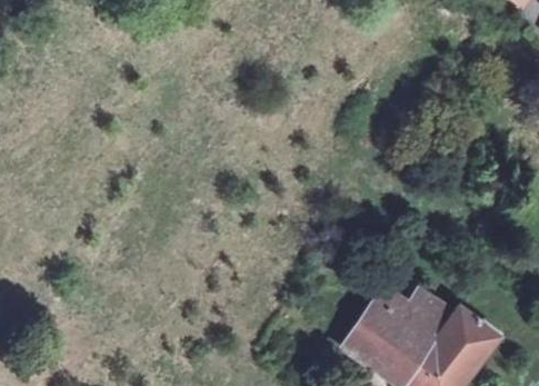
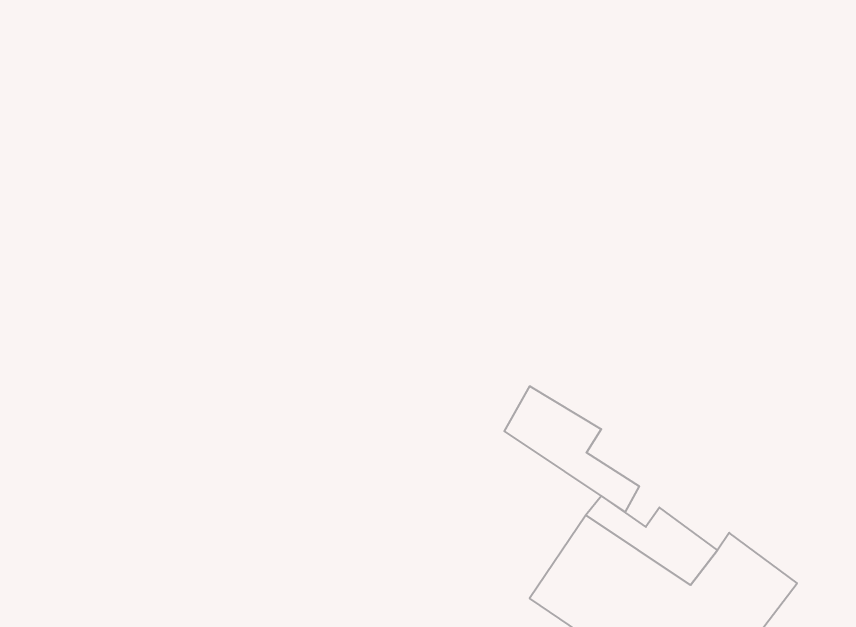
building: none -> [504,386,639,512]

